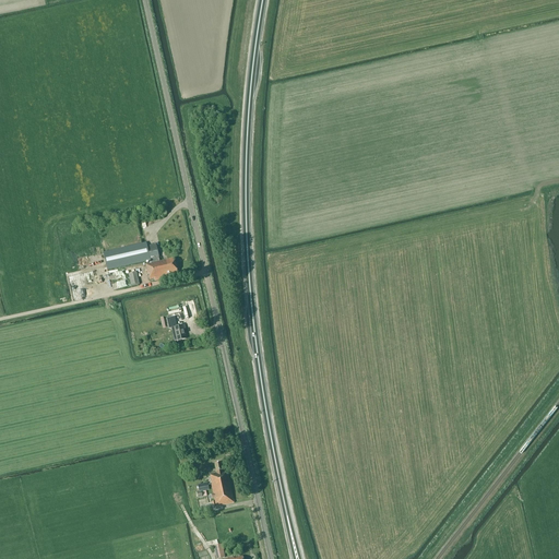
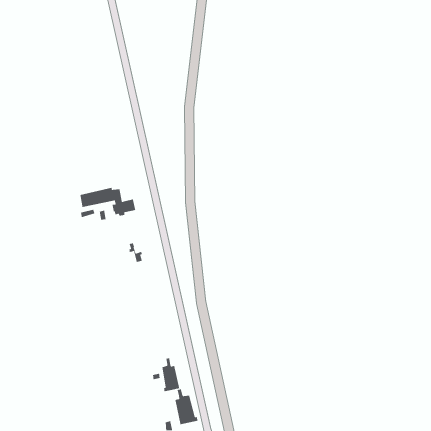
building: none -> [175,388,199,425]

